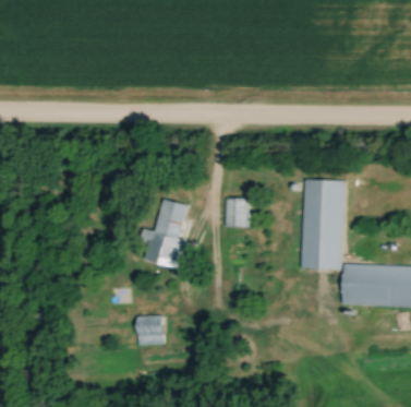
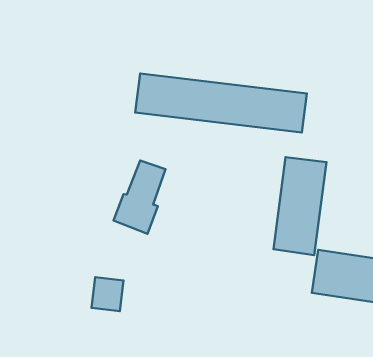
building: none -> [135,74,307,132]
building: [225,199,249,227] -> none

